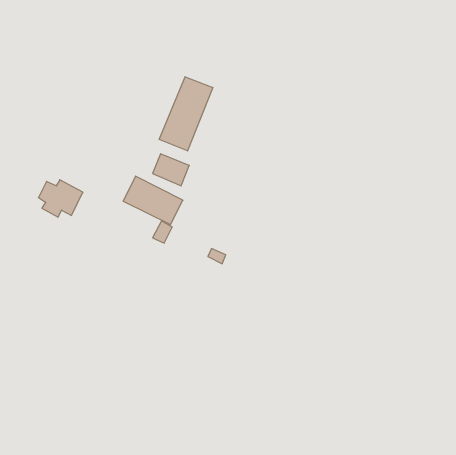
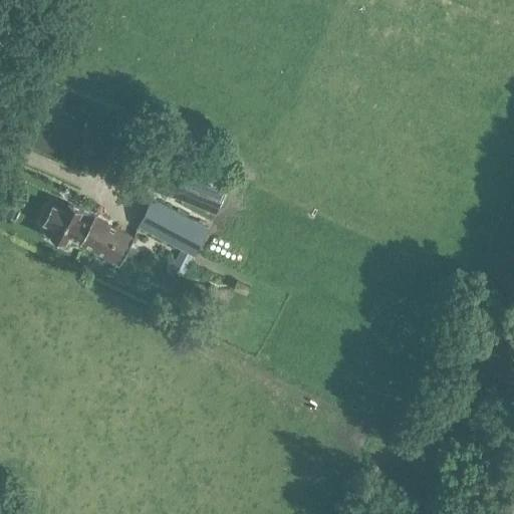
building: [159,77,213,151] -> none
building: none -> [80,218,133,264]

